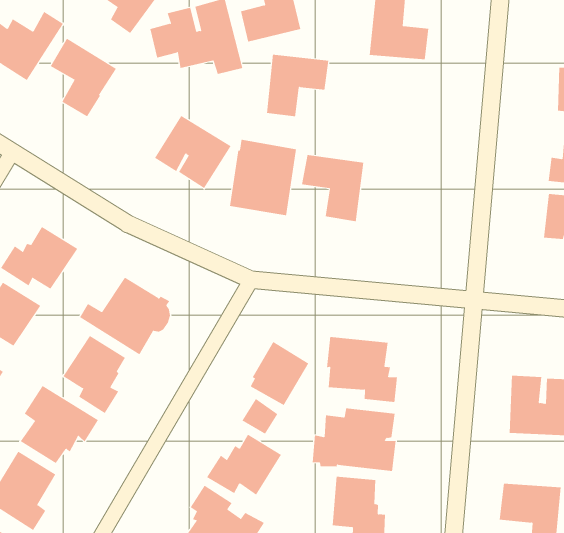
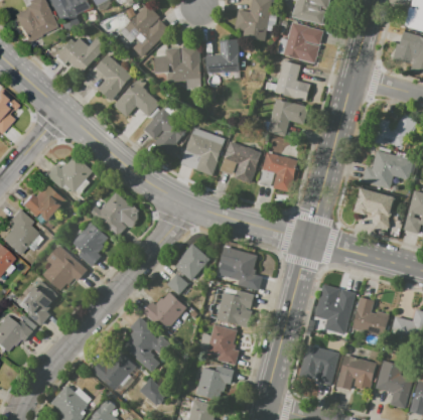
building: [266,54,329,117] -> [268,99,308,136]
building: none -> [113,80,160,117]
building: none -> [262,152,298,192]

